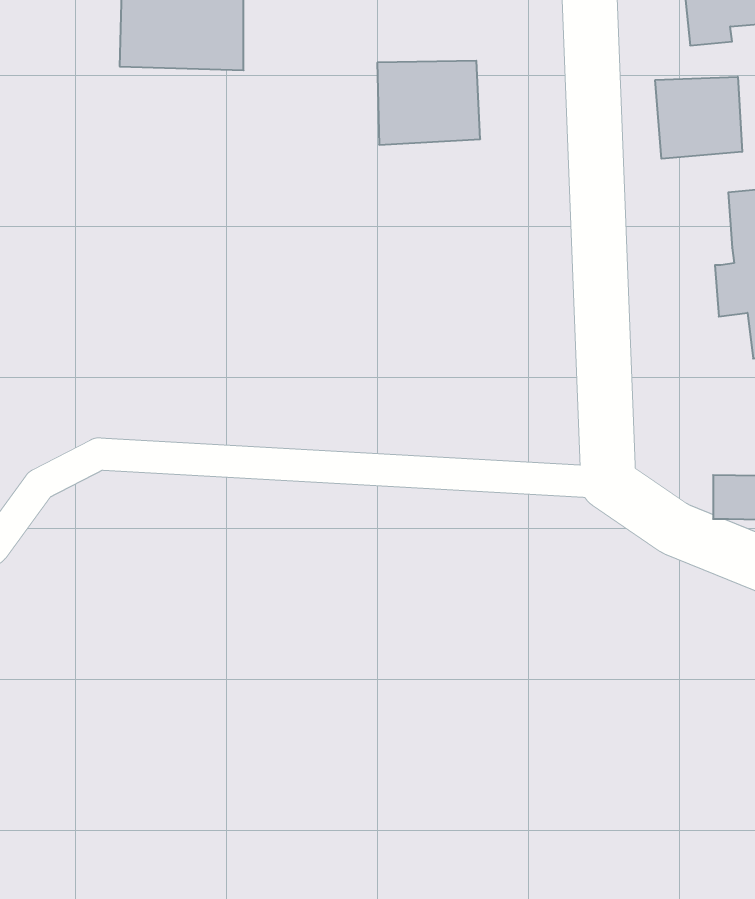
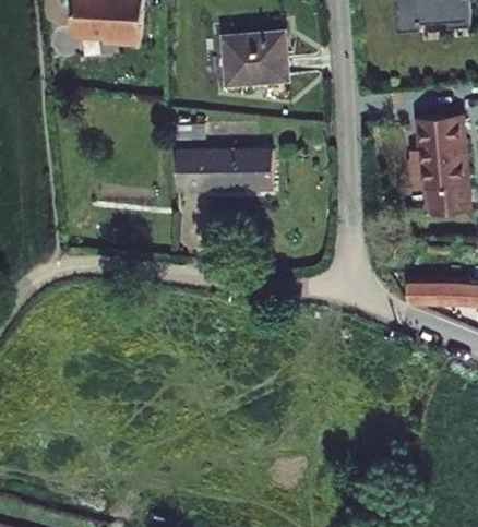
building: [655,77,742,159] -> none
building: none -> [189,154,265,202]

